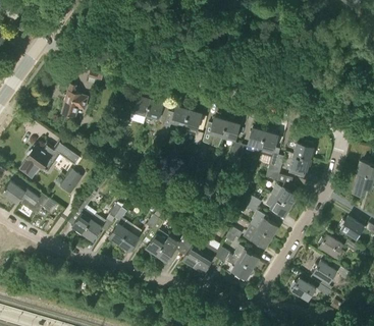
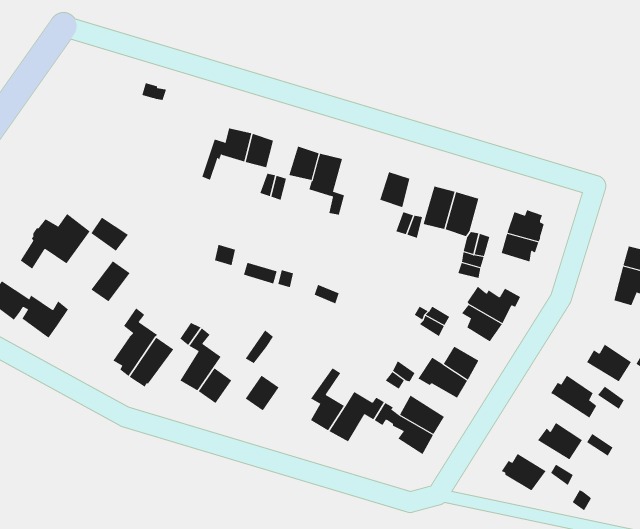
building: [61,84,88,118] -> none
building: [203,117,227,148] -> none
building: [157,226,196,261] -> none

